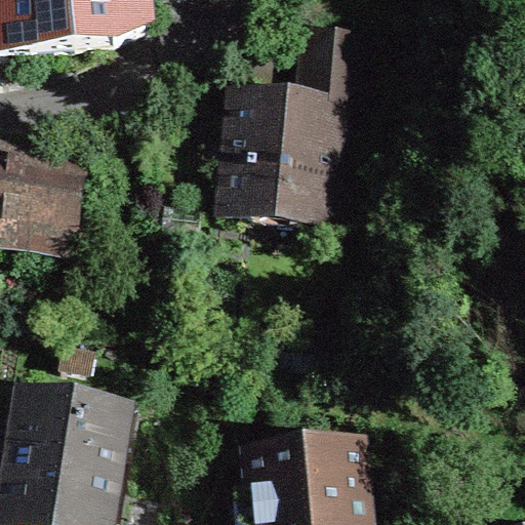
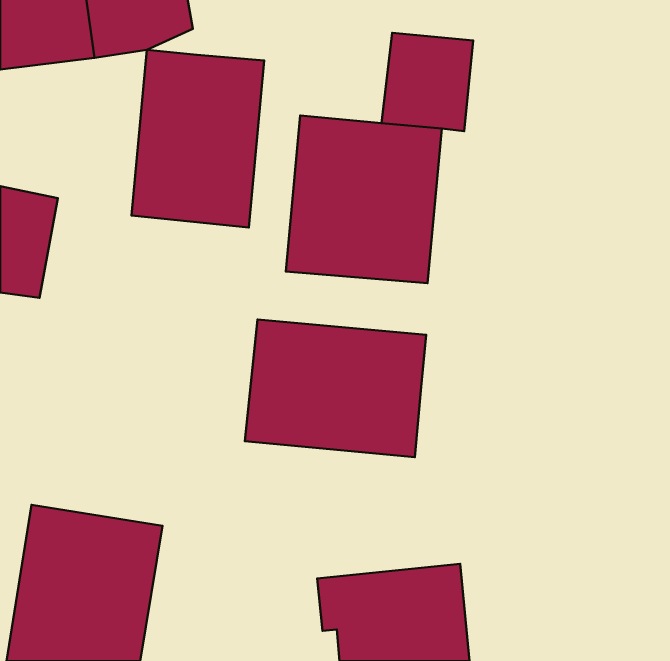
building: none -> [132,50,264,228]
building: [28,155,88,247] -> none
building: none -> [245,319,426,457]

